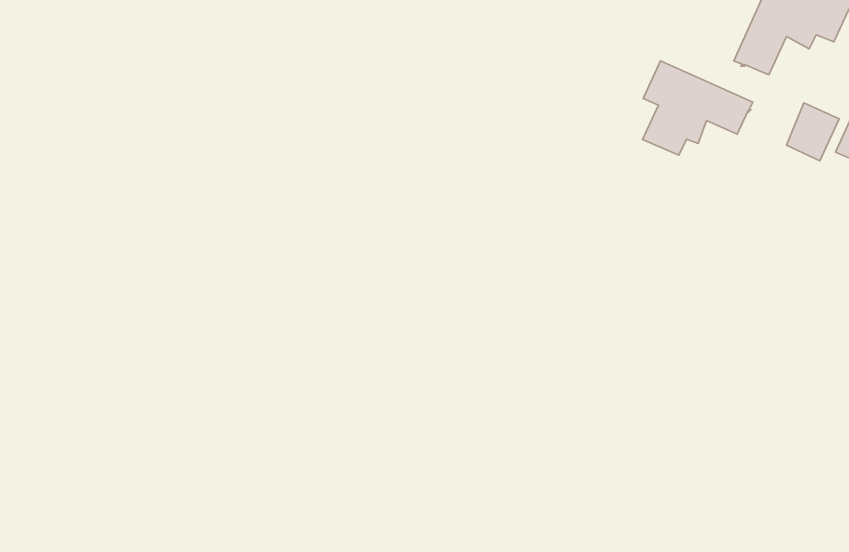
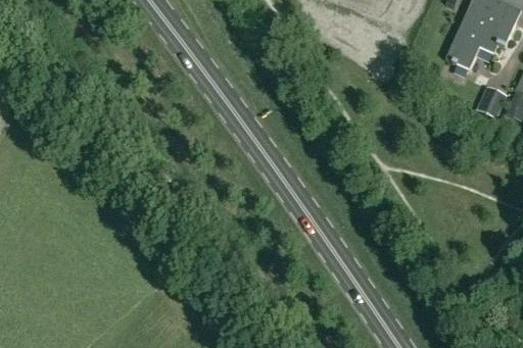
building: [642,61,753,155] -> none

